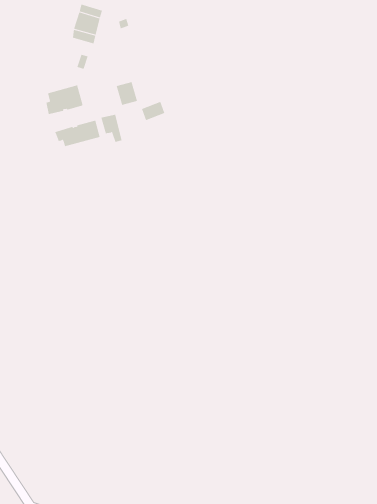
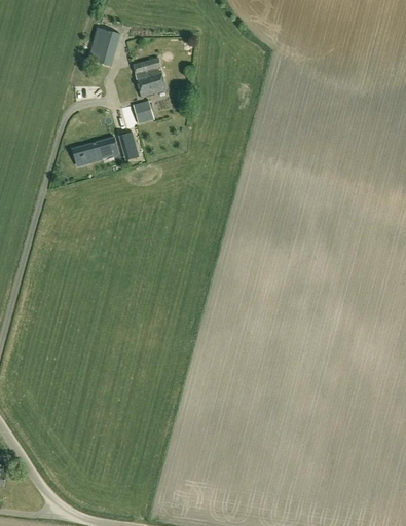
building: none -> [132,58,167,97]
building: [46,85,84,115] -> none

